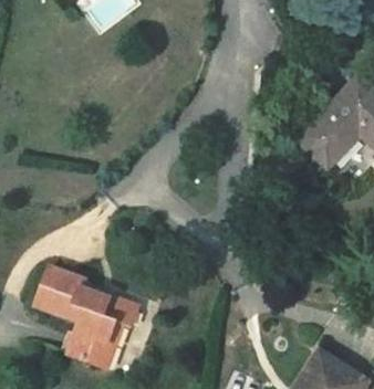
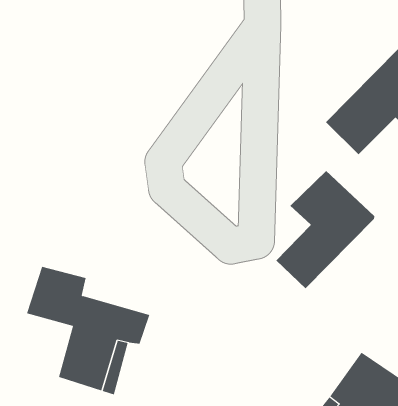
building: none -> [276,170,375,289]

